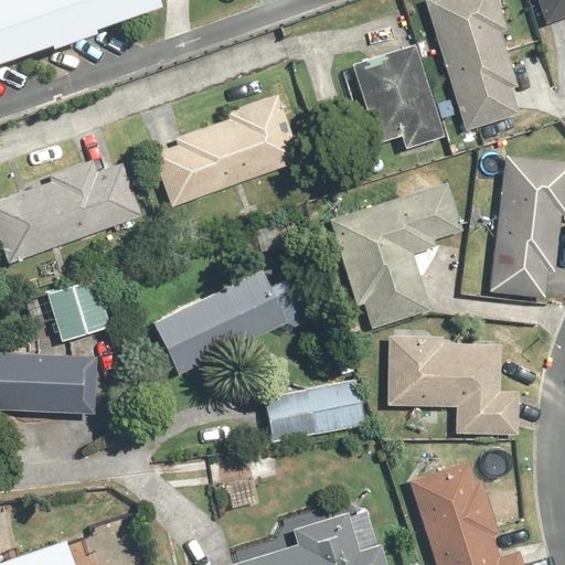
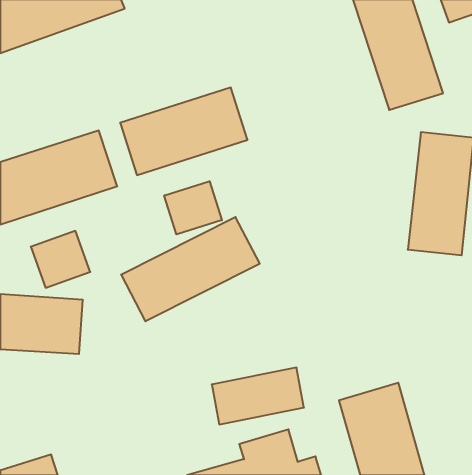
building: [345,41,447,162] -> none
building: [327,182,462,333] -> none
building: none -> [164,181,222,234]
building: [385,338,524,438] -> none
building: [258,376,367,444] -> [212,368,304,424]

